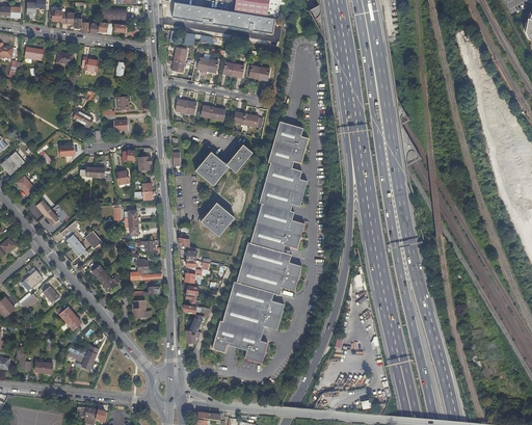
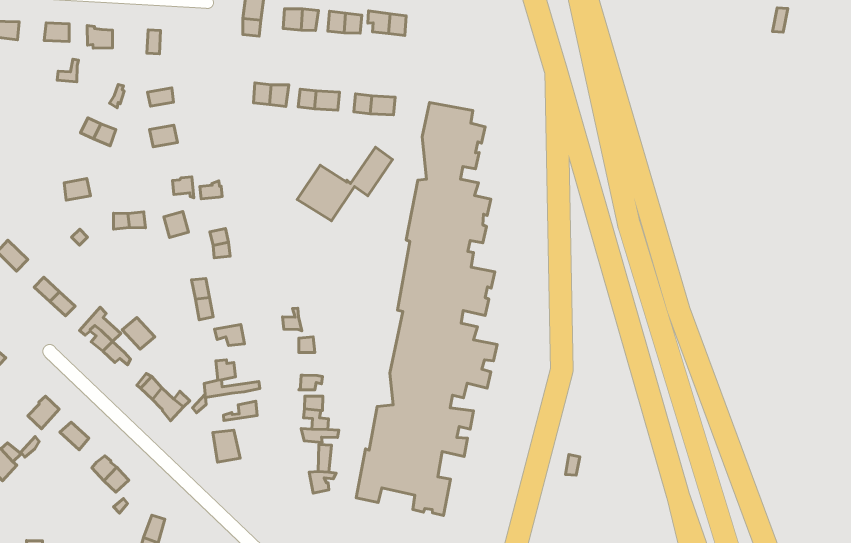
building: [201,202,234,235] -> none

